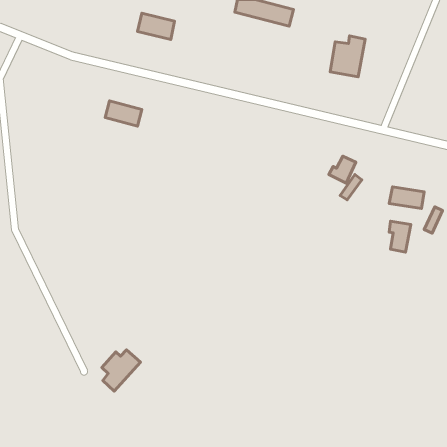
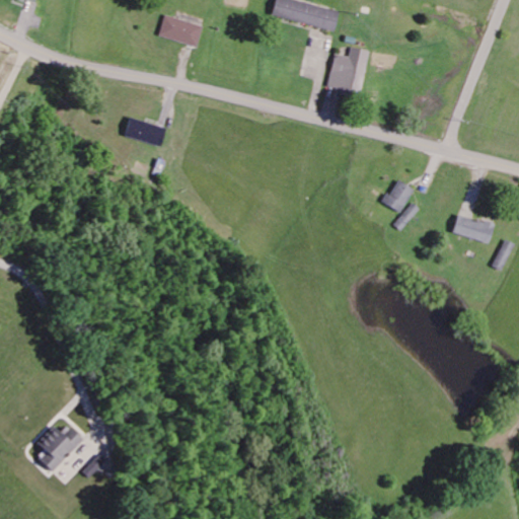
building: [330,36,365,77] -> [328,47,369,94]
building: [389,221,411,252] -> none
building: [102,350,141,391] -> [36,425,81,472]

